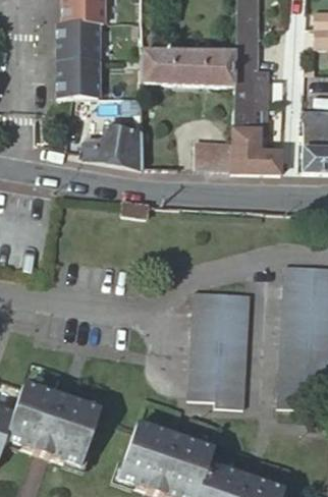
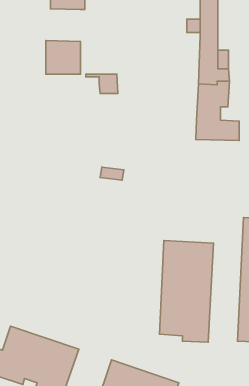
building: [60,20,100,58] -> none
building: [143,49,237,84] -> none
building: [85,124,144,168] -> none
building: [195,148,233,170] -> none

